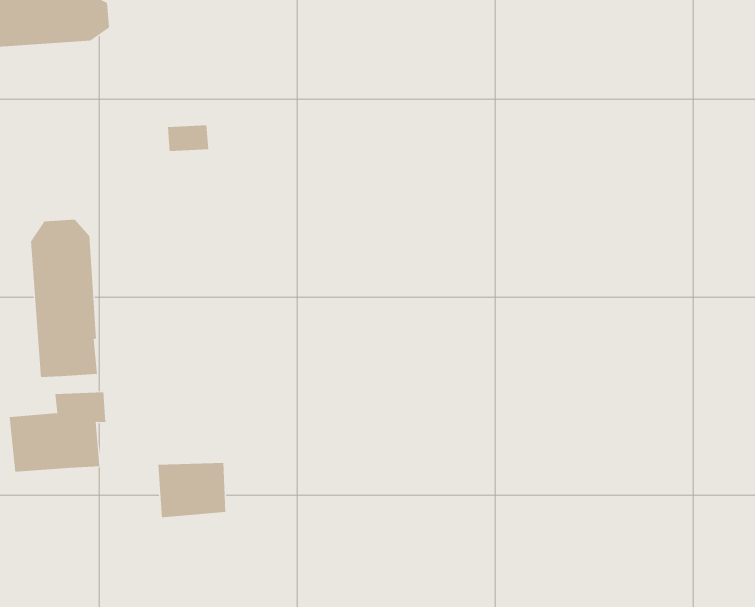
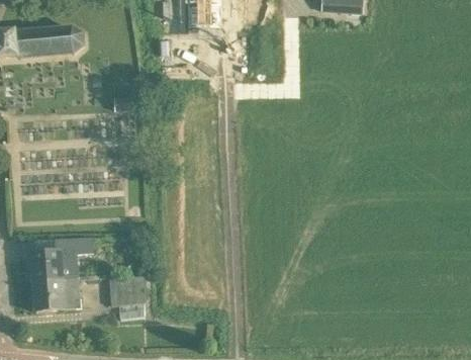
building: [31,219,97,378] -> none
building: none -> [33,277,81,310]

